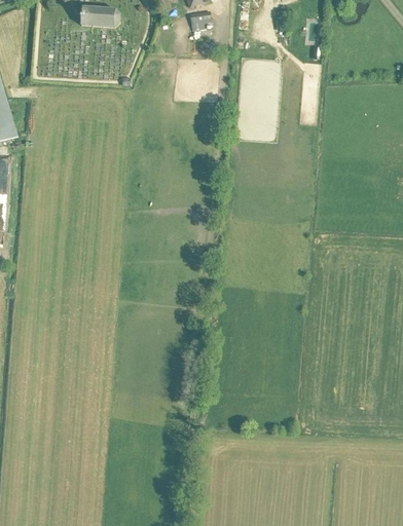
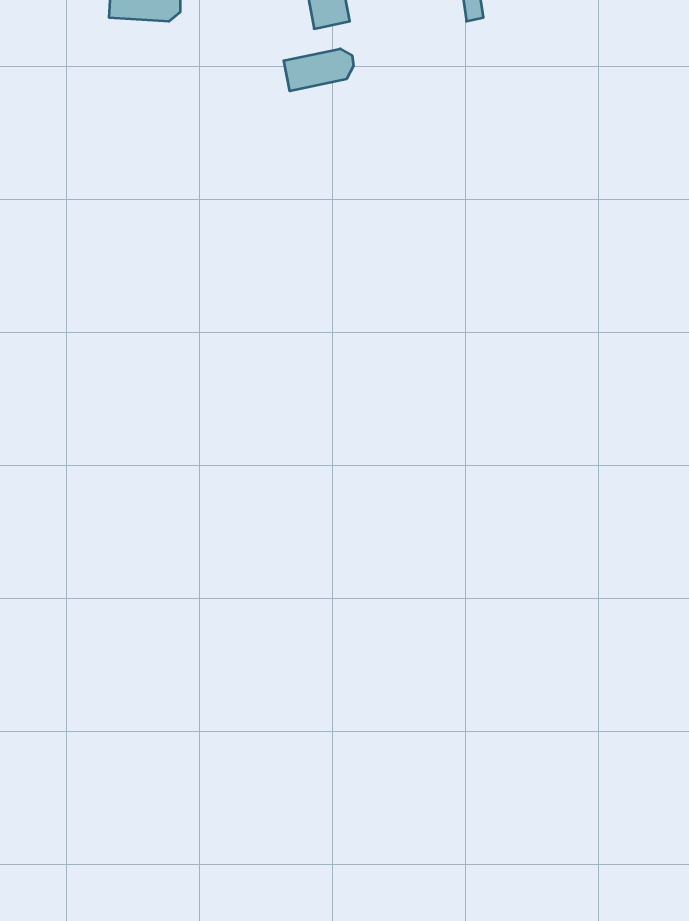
building: none -> [284,49,354,91]

